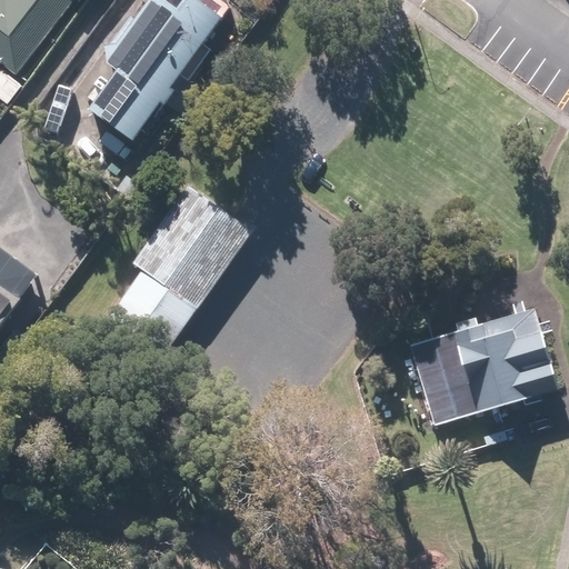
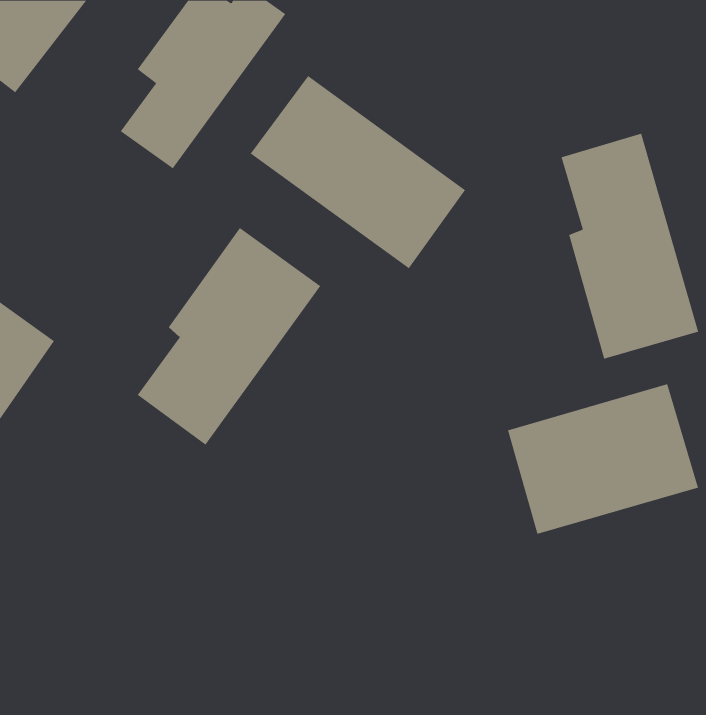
building: none -> [250,75,466,269]
building: none -> [561,133,699,359]

